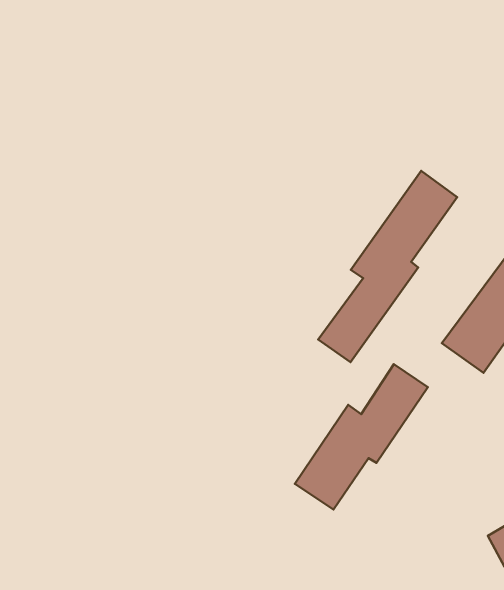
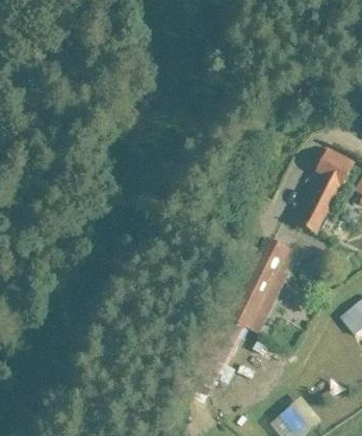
building: [318,171,457,362] -> none

